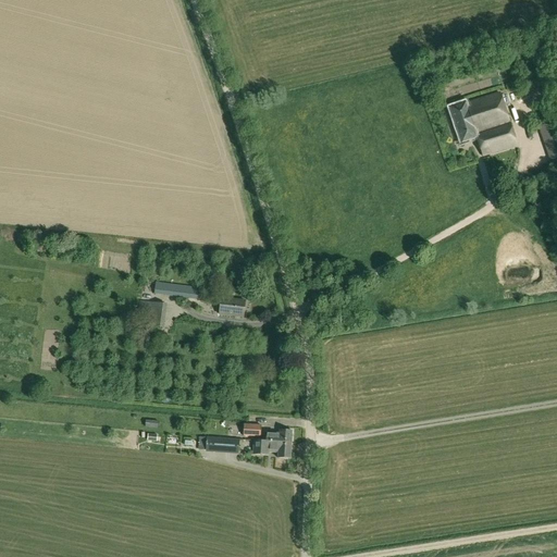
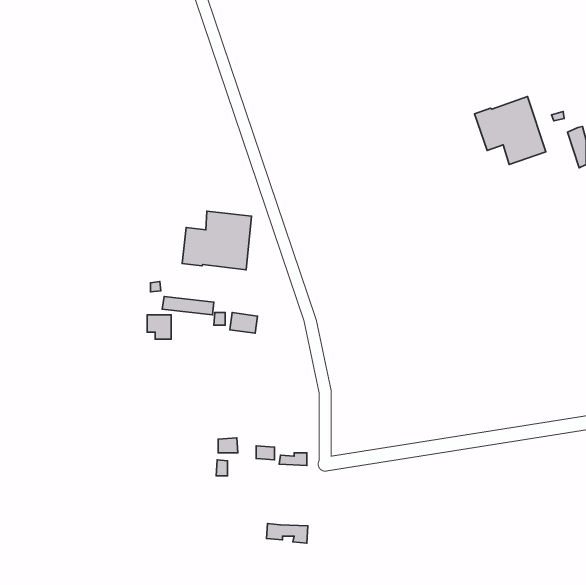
building: none -> [182,211,252,270]
building: [251,438,290,457] -> [266,524,308,543]

